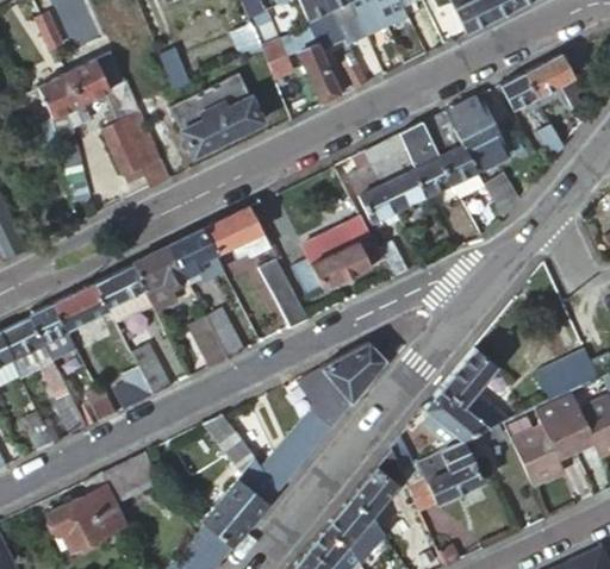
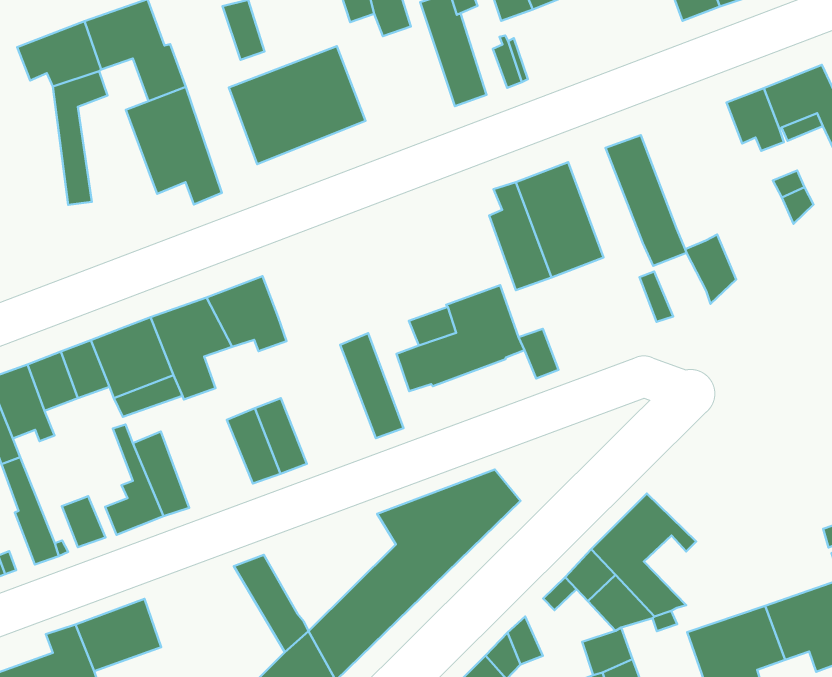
building: [446,95,509,171] -> none
building: [399,123,454,195] -> none
building: [204,207,272,260] -> none
building: [535,351,595,401] -> none

